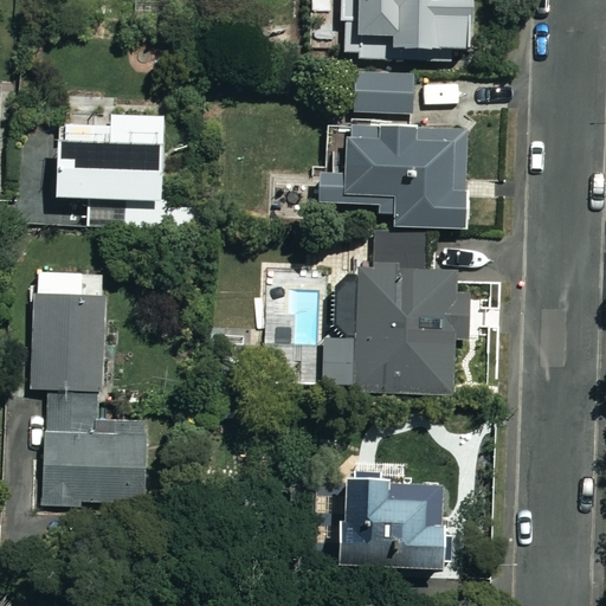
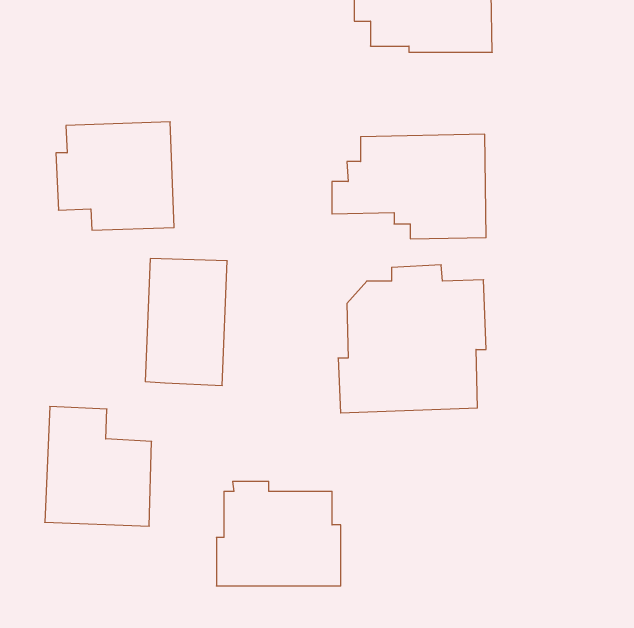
building: [354,64,412,111] -> none
building: [30,269,108,389] -> [145,259,227,385]
building: [334,469,452,568] -> [216,481,341,586]

